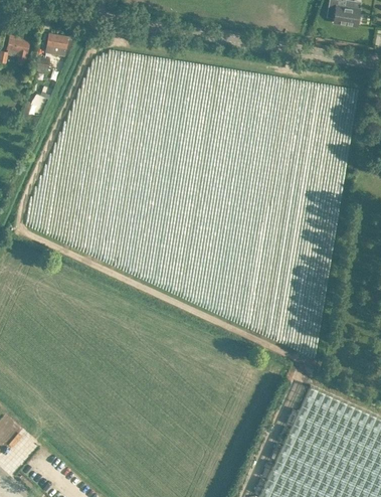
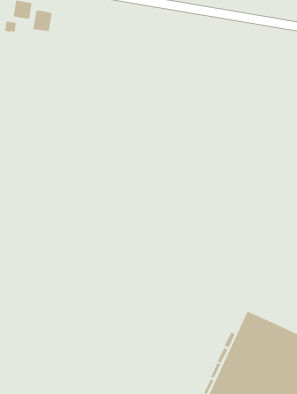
building: none -> [33,10,52,32]

